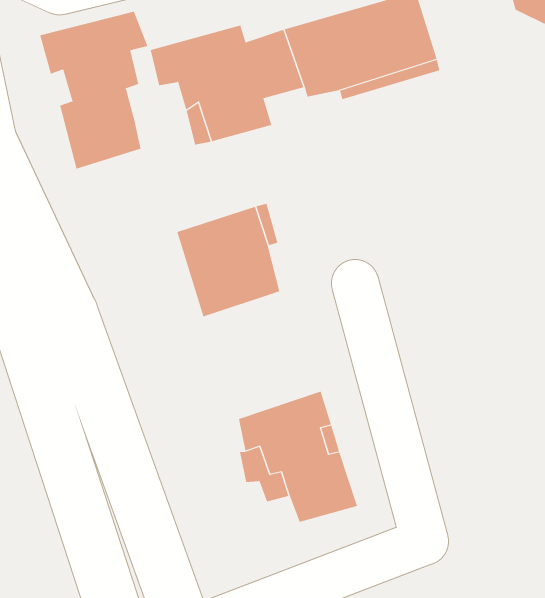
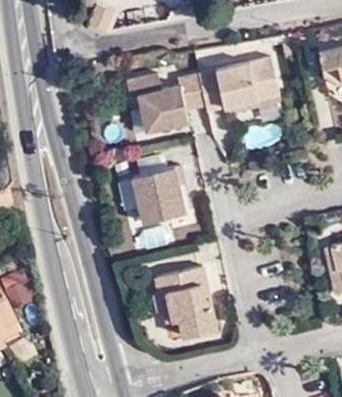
building: [39,11,148,169] -> none

